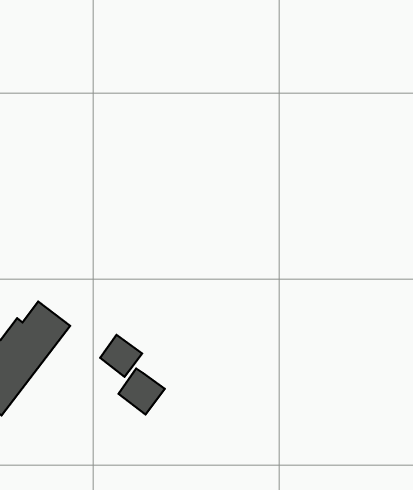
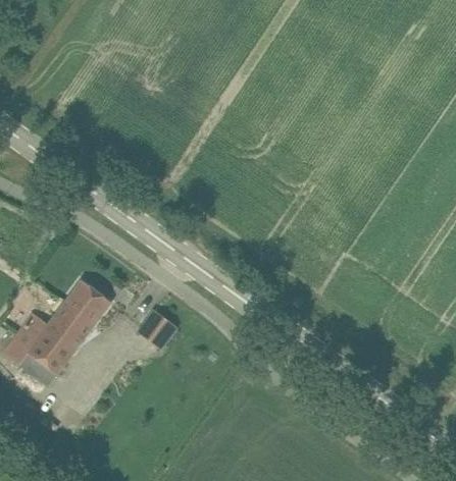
building: [118,368,165,415] -> none

